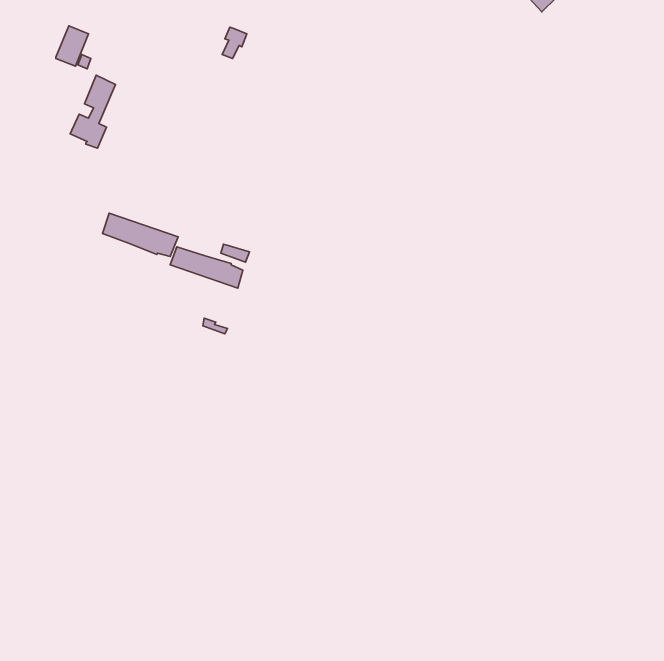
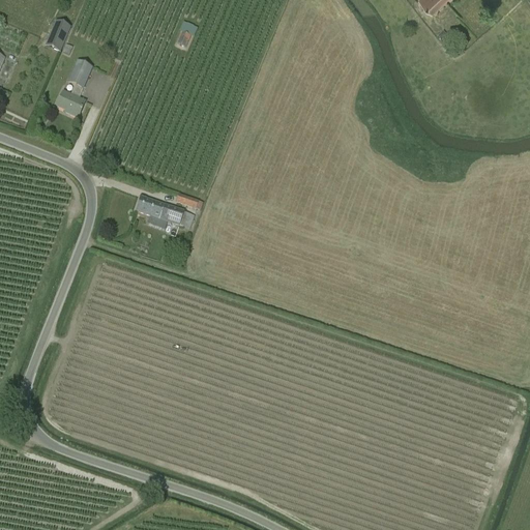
building: [102,213,178,256] -> none

